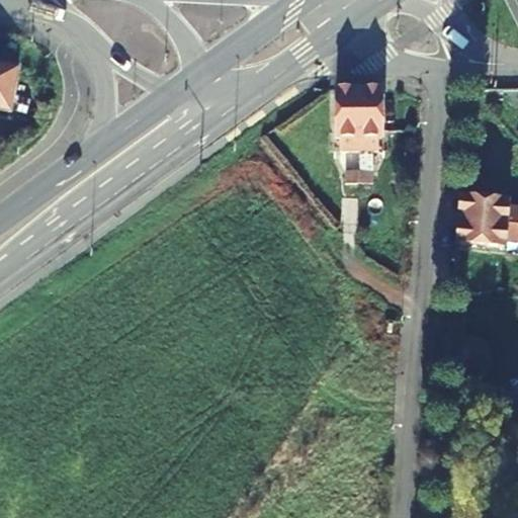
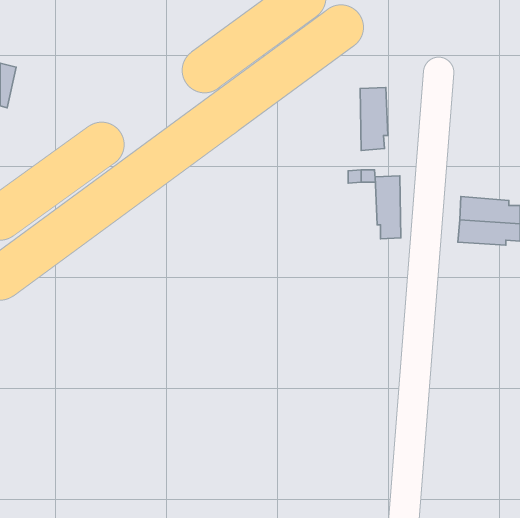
building: [334,88,359,151] -> [375,176,401,239]

